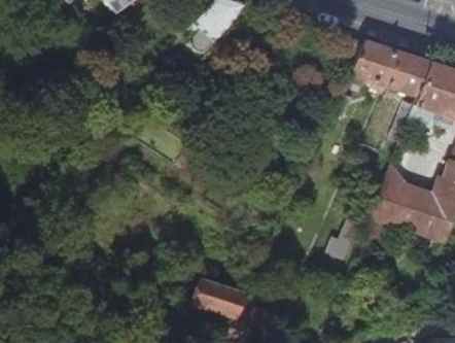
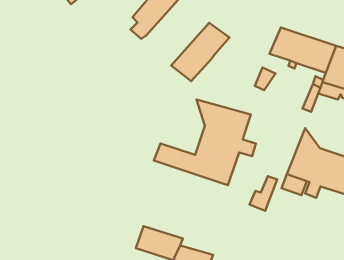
building: none -> [171,23,229,81]
building: none -> [154,99,256,185]

